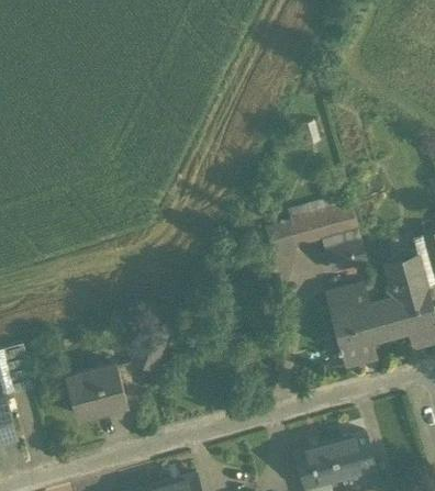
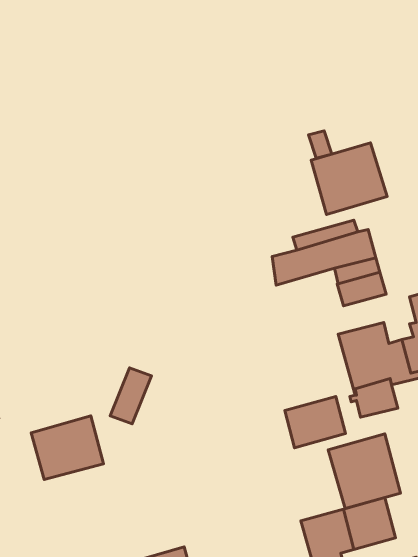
building: none -> [311,143,387,214]
building: none -> [285,396,346,448]
building: none -> [328,434,401,508]

